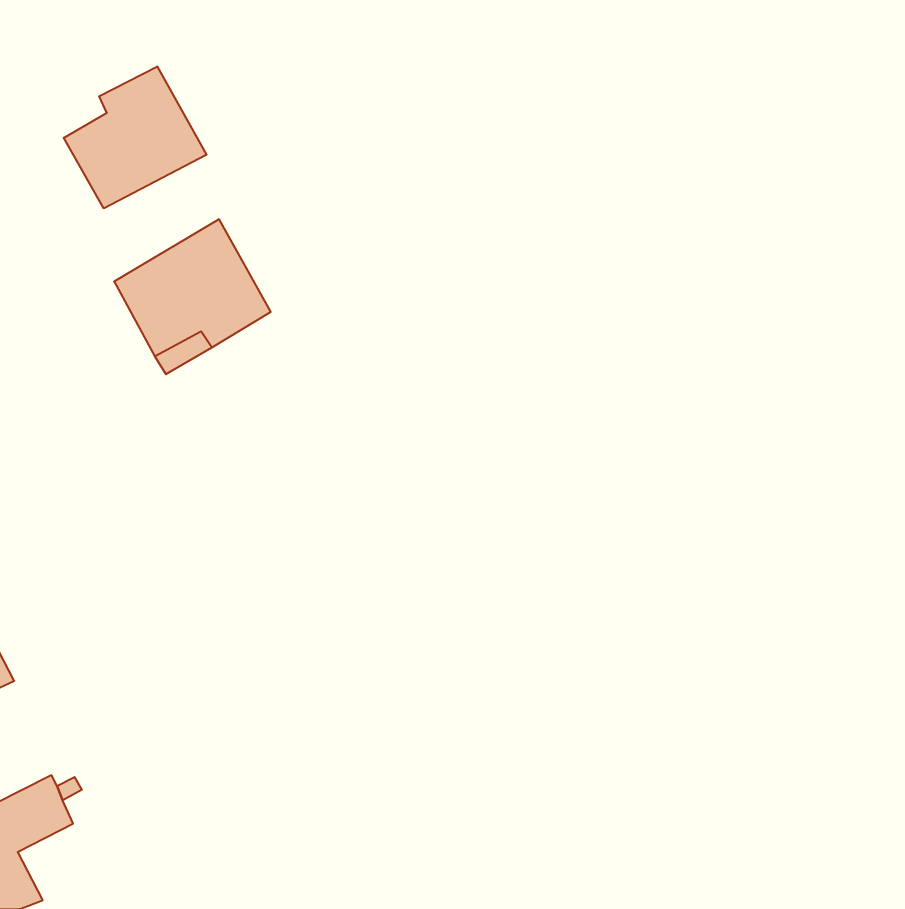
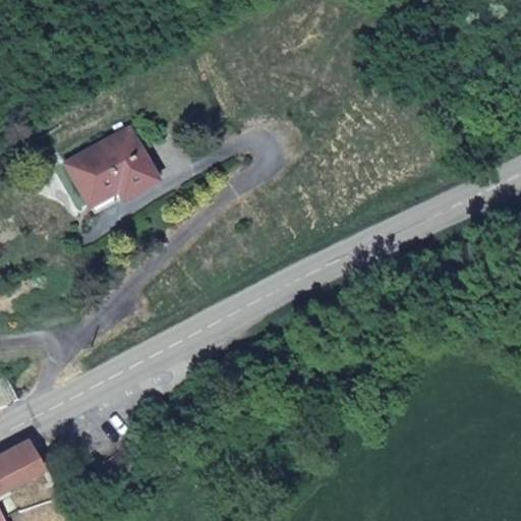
building: [64,66,206,208] -> none

